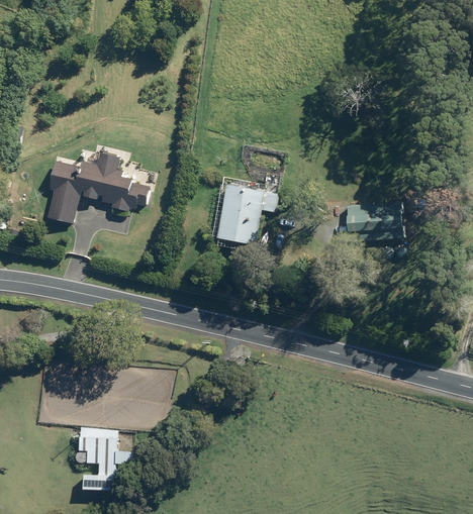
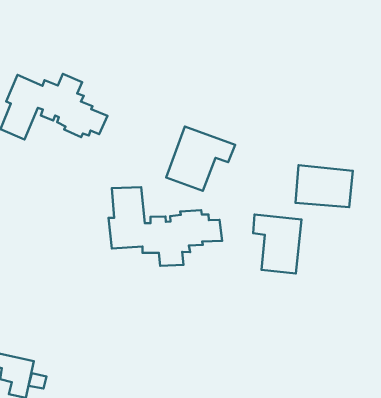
building: none -> [109,187,222,266]
building: none -> [253,215,301,274]

